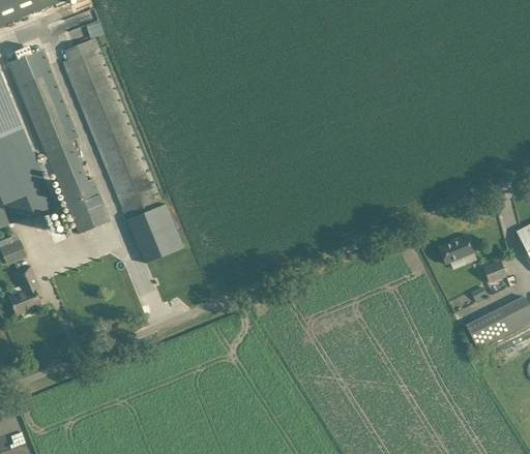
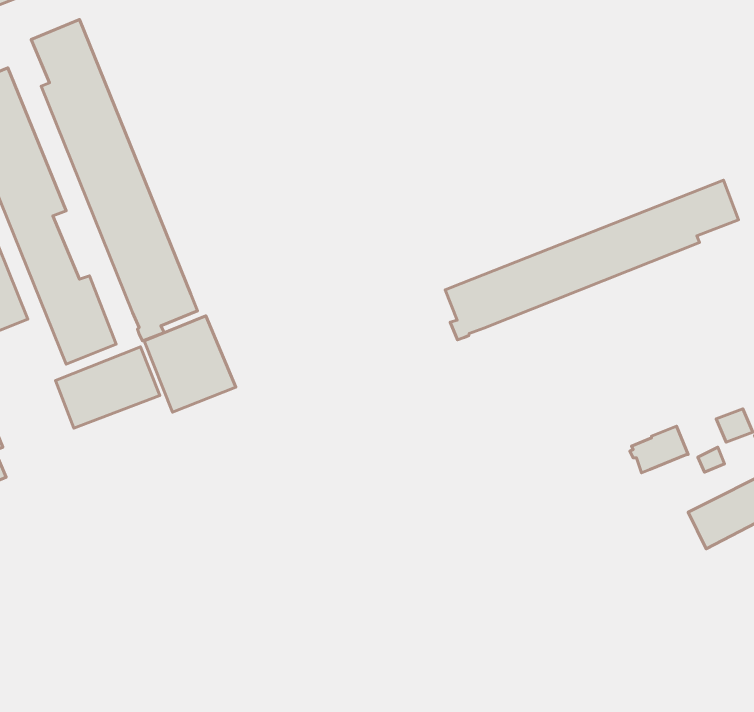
building: none -> [445,180,739,340]
building: none -> [56,347,160,428]
building: [437,234,473,263] -> [630,426,688,473]

